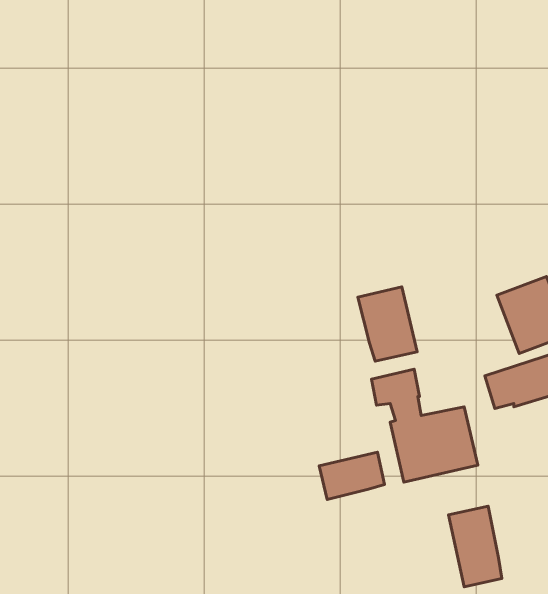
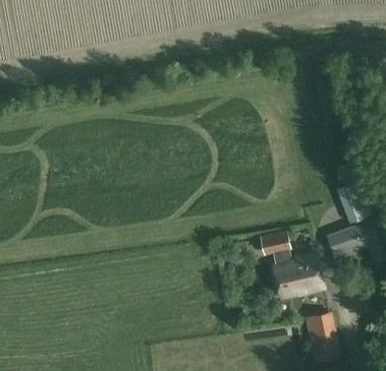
building: [358,287,417,361] -> none
building: [319,452,385,500] -> none

